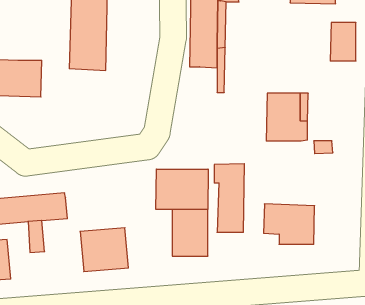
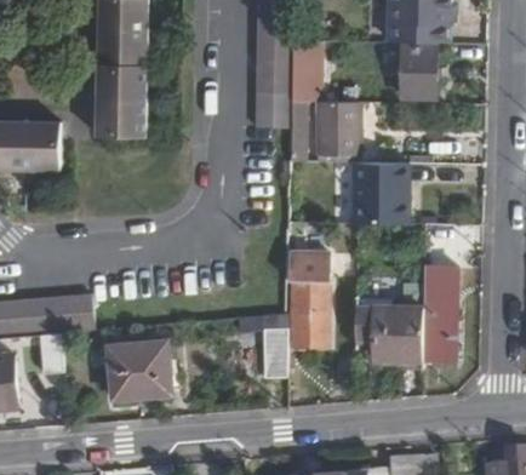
building: [330,23,356,61] -> [401,47,435,98]
building: none -> [318,102,360,155]
building: [156,169,208,209] -> none
building: none -> [421,270,453,364]

